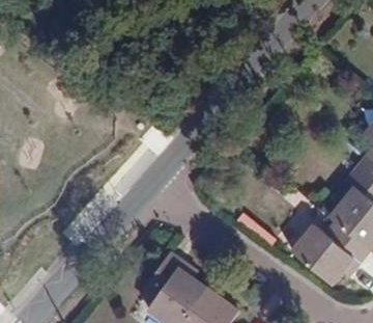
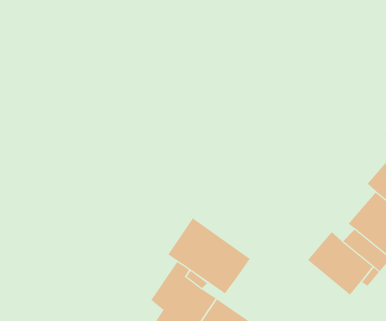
building: none -> [167,218,251,294]

